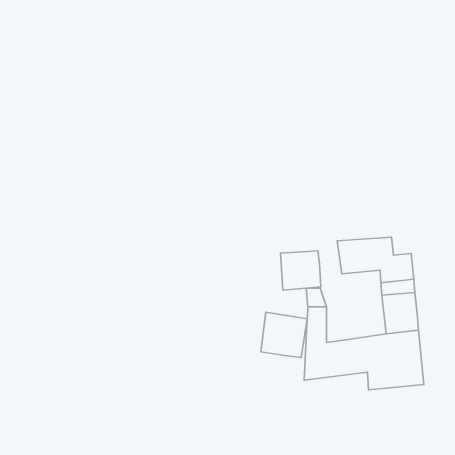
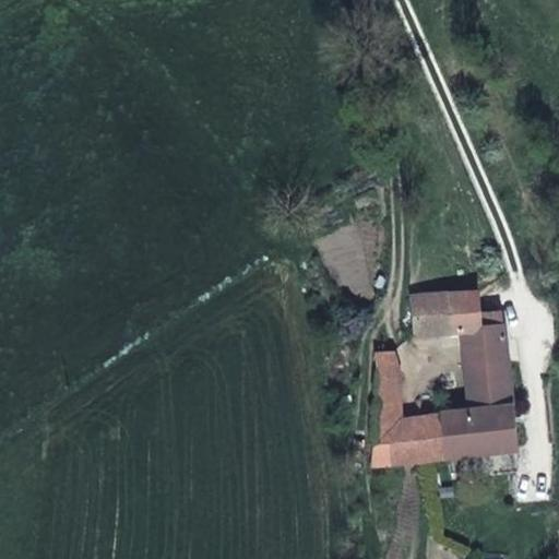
building: [281,251,321,290] -> none
building: [261,312,307,357] -> none

